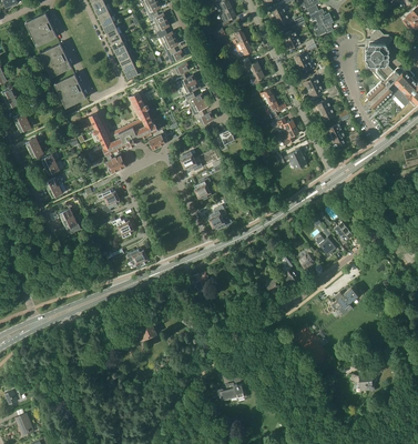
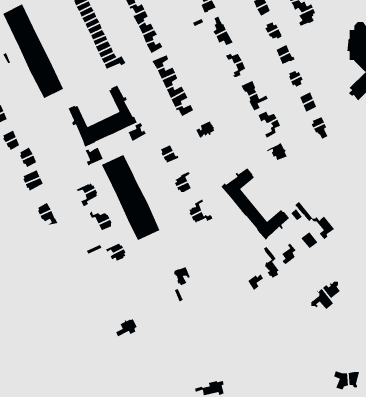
building: none -> [101,154,160,241]
building: none -> [220,167,290,241]

